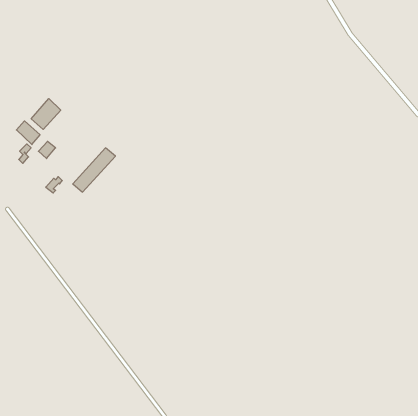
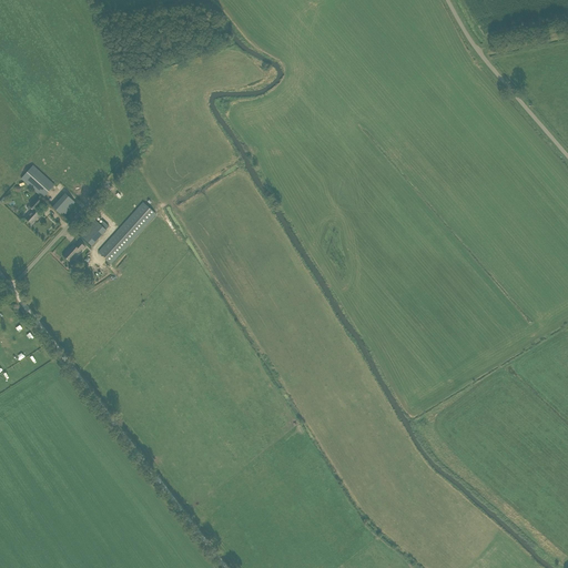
building: [31,99,61,129] -> none

